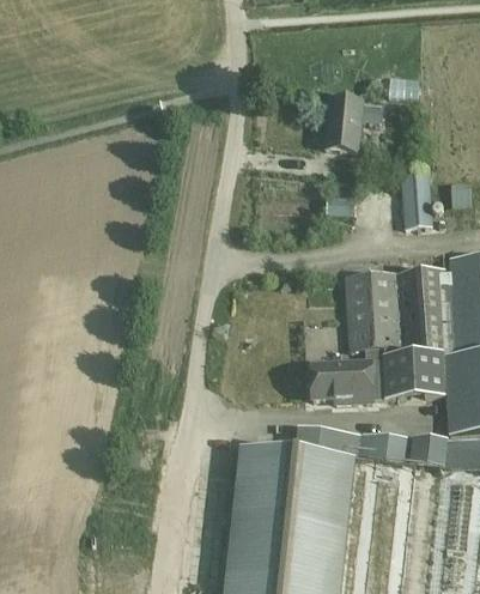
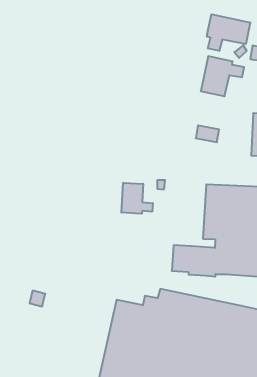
building: none -> [207,14,250,51]
building: none -> [121,183,153,214]

